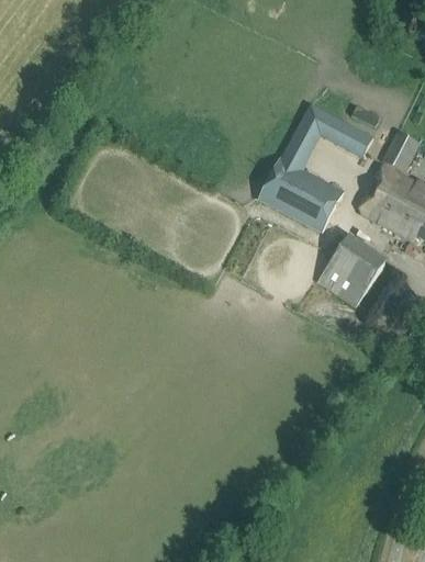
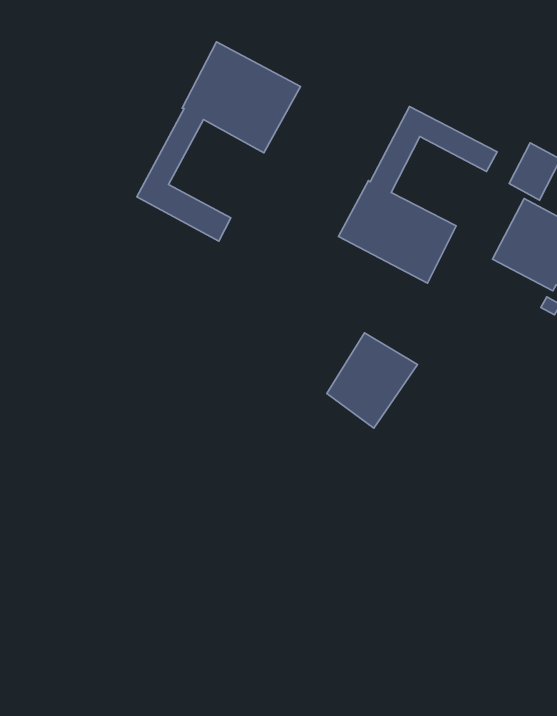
building: none -> [137,42,300,241]
building: [320,237,385,306] -> [327,333,418,428]

